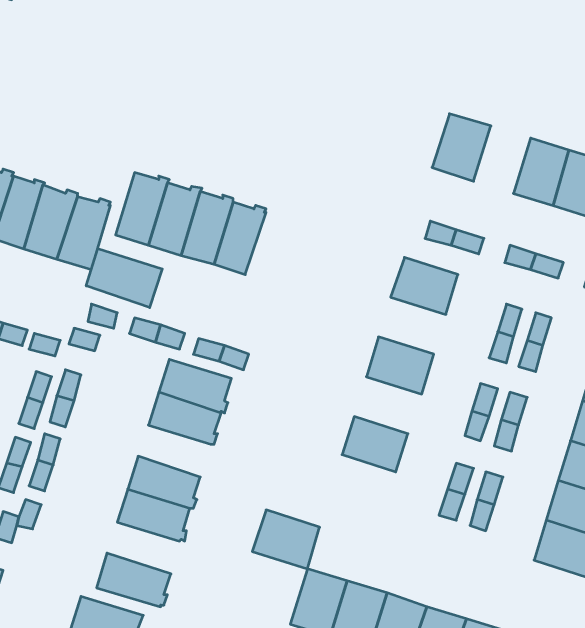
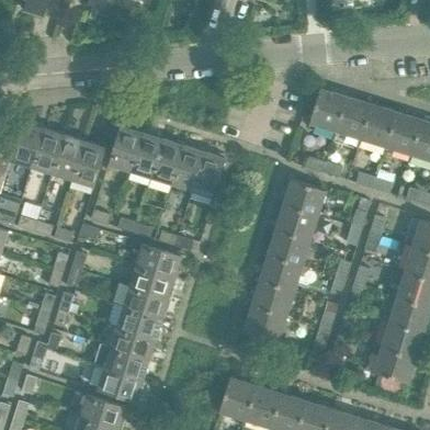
building: none -> [336,97,372,139]
building: none -> [191,151,225,197]
building: [86,249,162,308] -> none
building: none -> [275,205,318,241]
building: none -> [260,256,303,292]
building: none -> [123,286,169,319]
building: [252,510,320,569] -> [244,305,286,342]
building: none -> [103,348,149,381]

